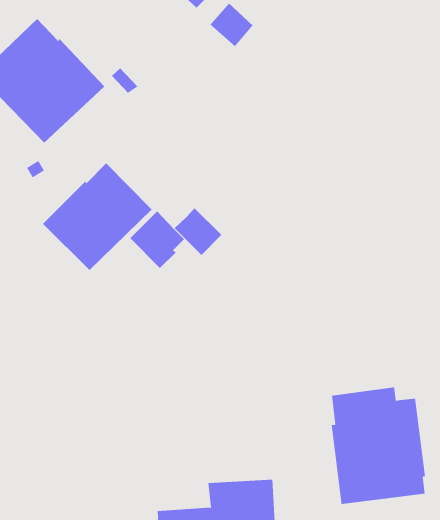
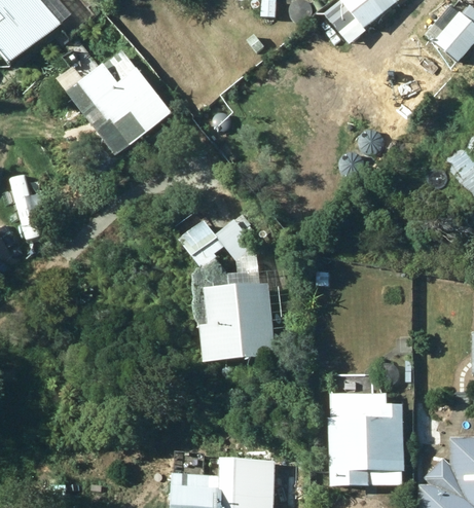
building: [42,163,153,271] -> none
building: none -> [199,285,287,387]

